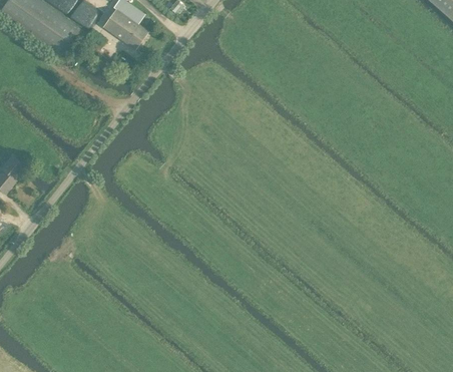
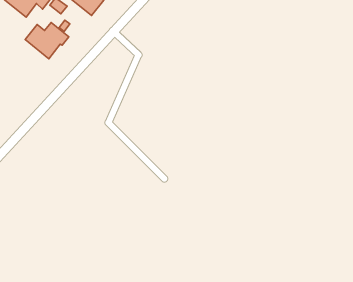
building: none -> [25,22,69,59]

